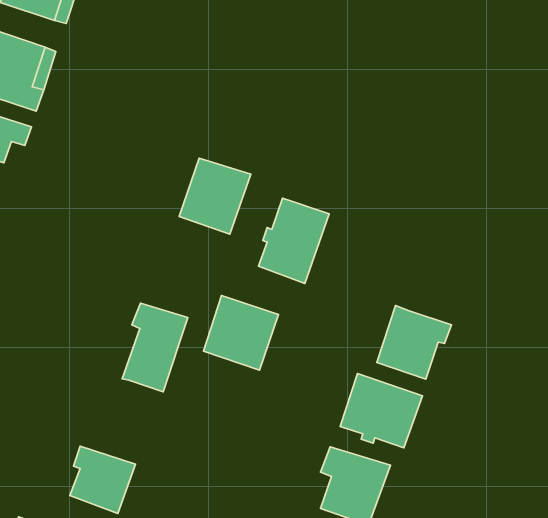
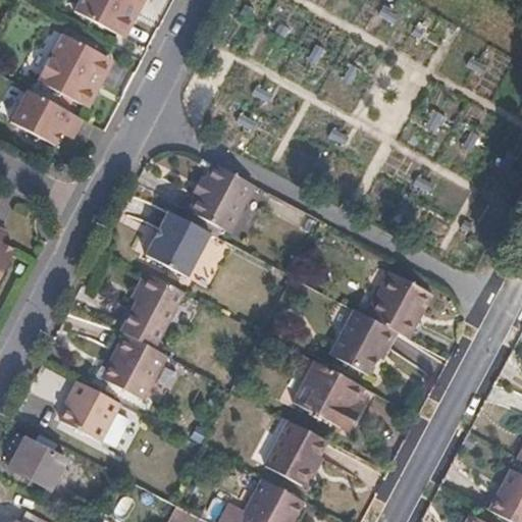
building: [259,198,329,283] -> none
building: none -> [364,272,425,341]
building: [204,296,279,370] -> [143,213,209,279]
building: none -> [109,335,165,401]

